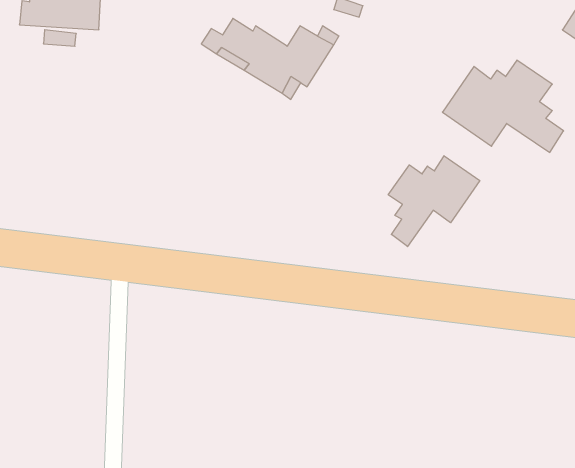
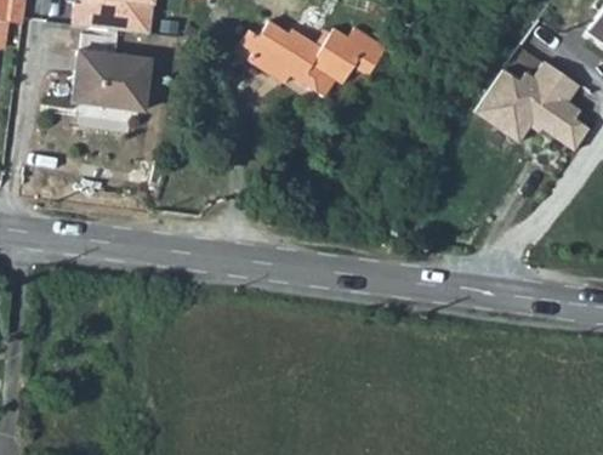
building: none -> [74,52,150,109]
building: [388,156,480,247] -> none

